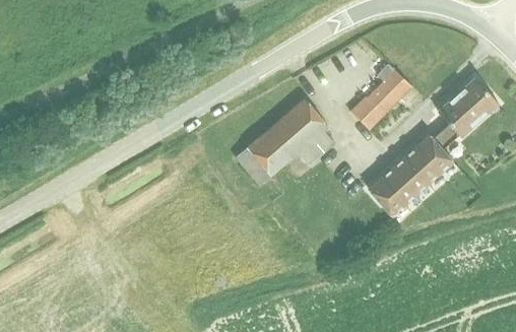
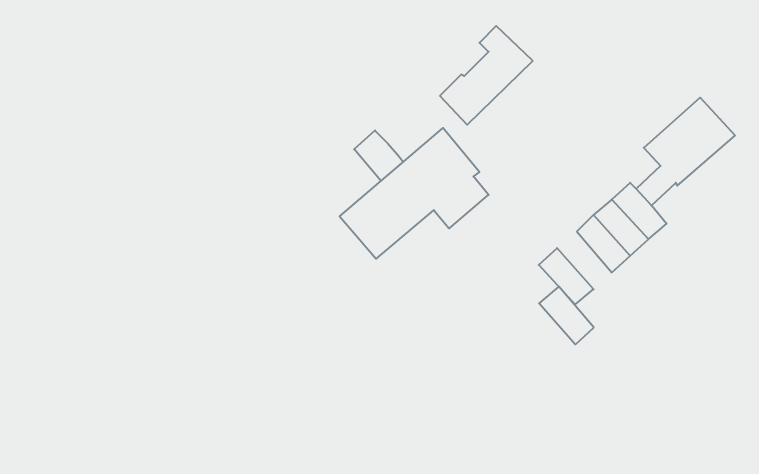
building: [350,64,412,130] -> [440,26,533,125]
building: none -> [354,130,403,181]
building: [380,168,416,206] -> [539,287,594,344]

